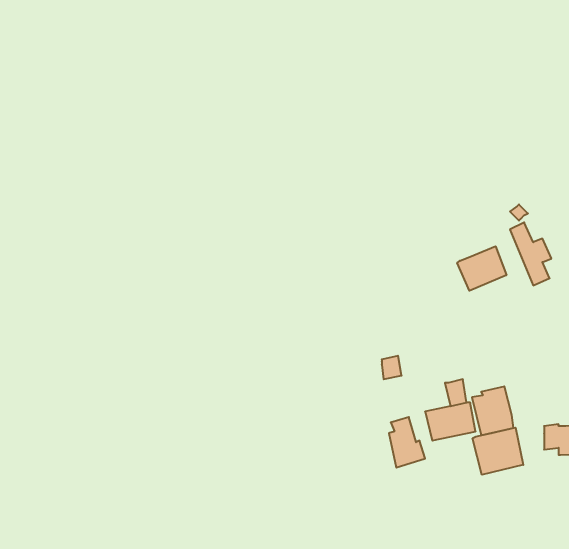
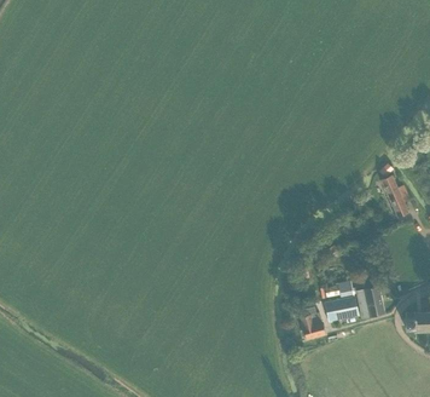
building: [457,246,506,291] -> none
building: [473,428,523,475] -> none

